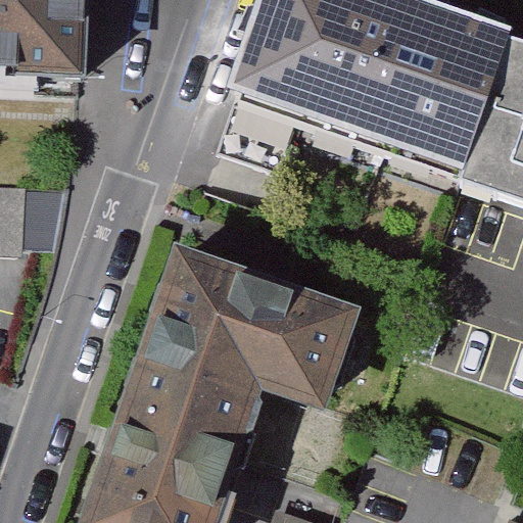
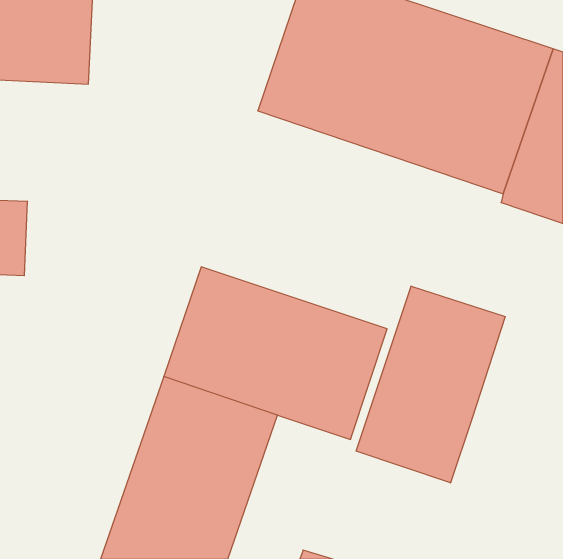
building: none -> [356,286,505,483]

